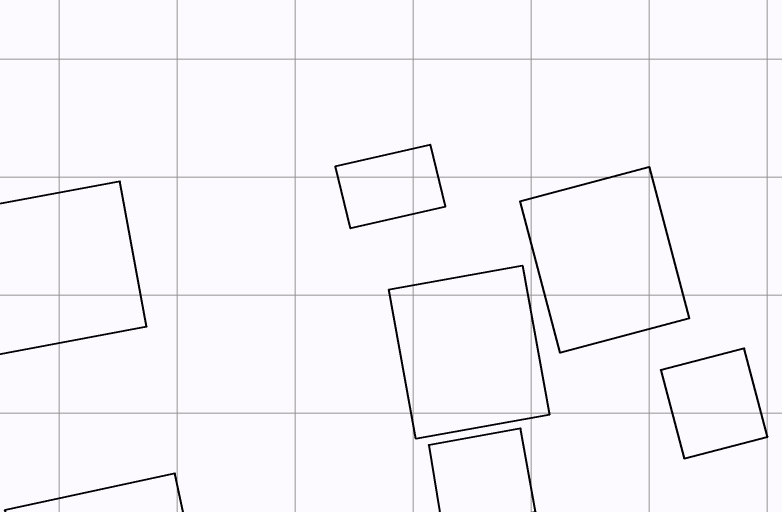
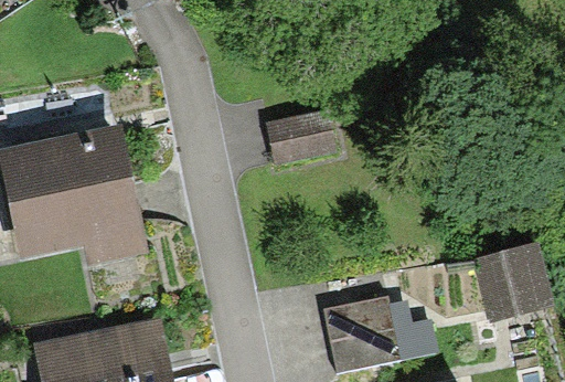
building: [520,167,689,353] -> none
building: [389,266,549,439] -> none

